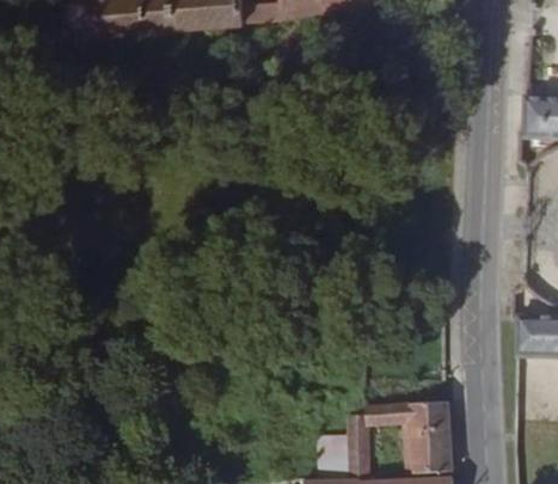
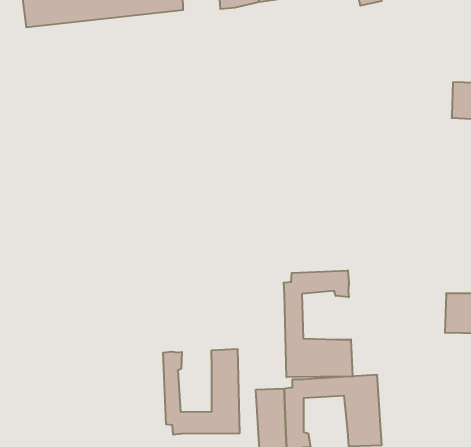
building: none -> [284,270,353,377]
building: none -> [163,349,240,435]

